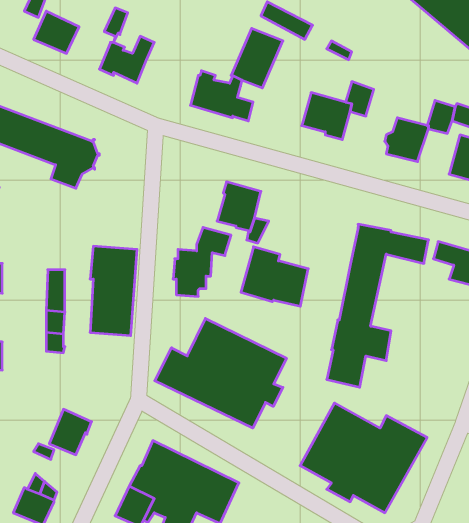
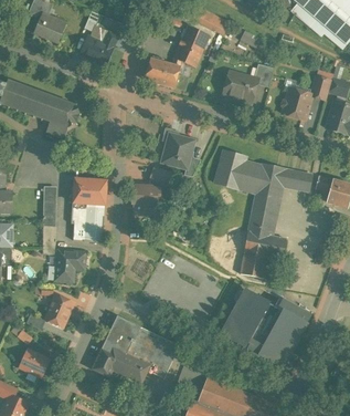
building: [241,247,308,306] -> [214,149,262,191]
building: [155,318,286,428] -> none
building: none -> [55,249,85,280]

